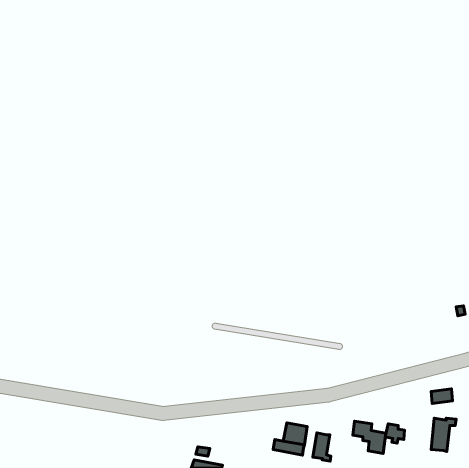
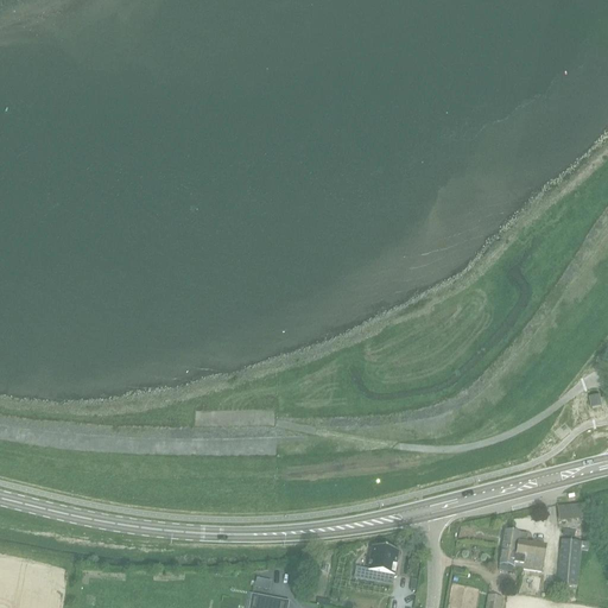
building: [353,421,386,453] -> [501,528,544,570]
building: [313,433,331,461] -> none

